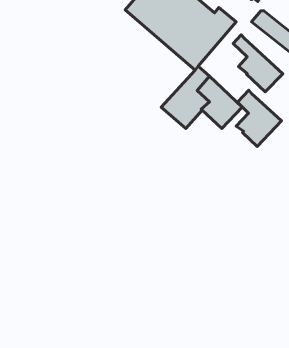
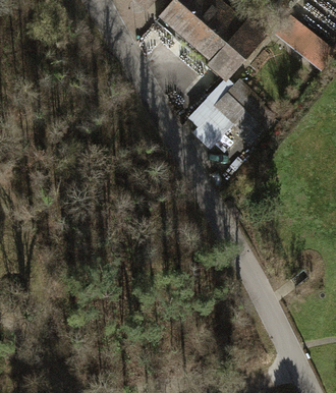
building: [233,35,283,92] -> none
building: [236,90,281,146] -> none

